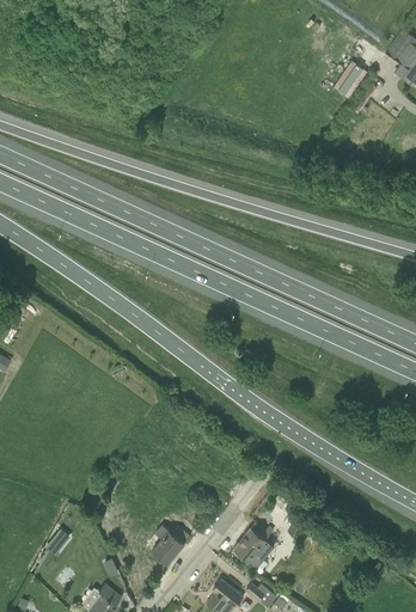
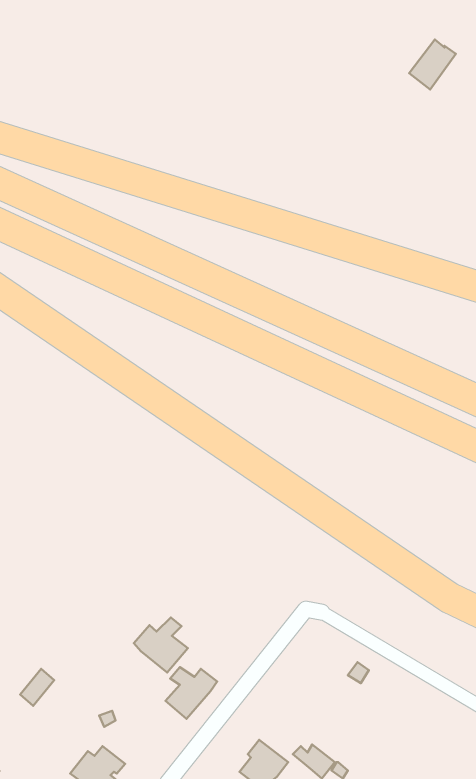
building: none -> [134,617,188,672]
building: [232,521,274,567] -> none

